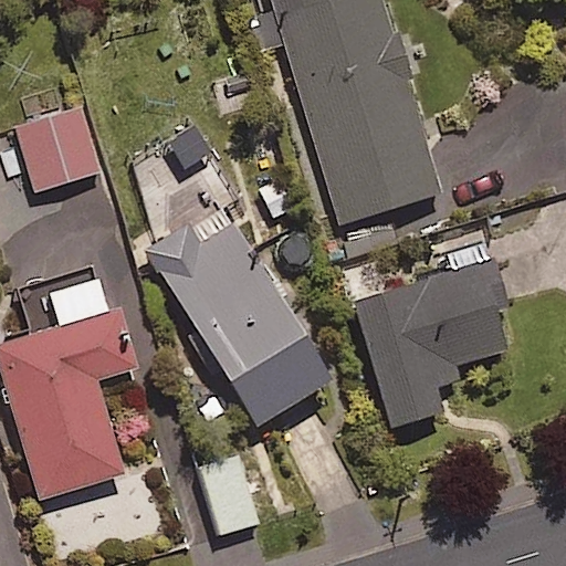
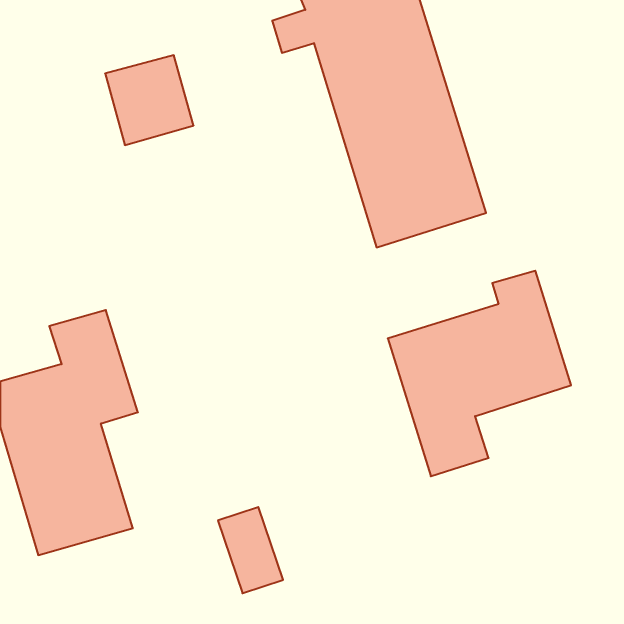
building: [20,108,99,189] -> [105,55,194,145]
building: [129,125,327,427] -> none

